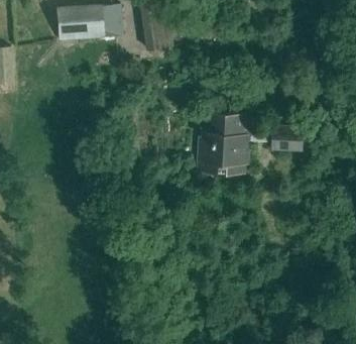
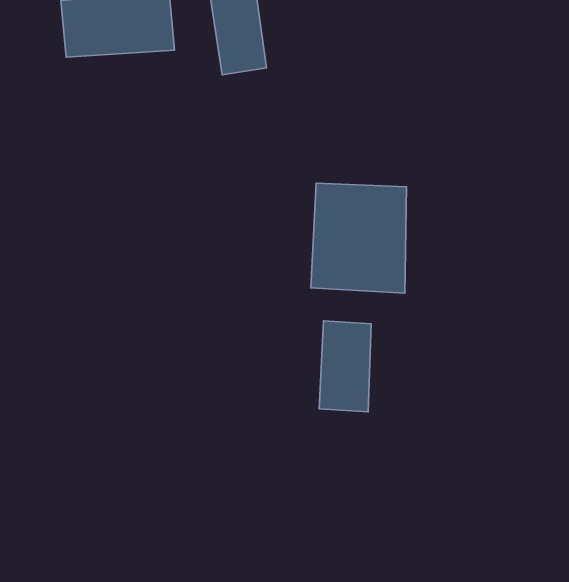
building: [270,125,303,151] -> none
building: none -> [319,321,371,412]

